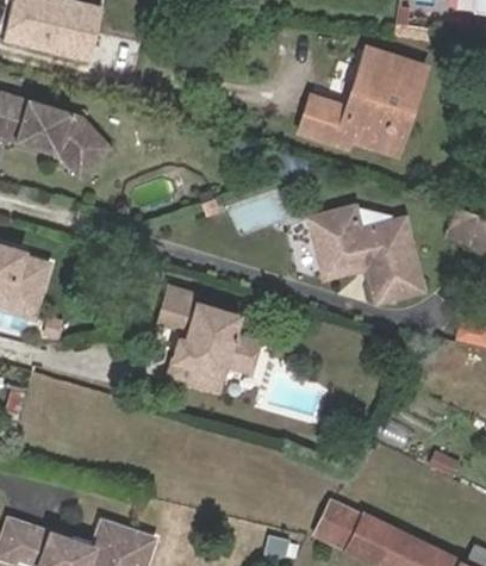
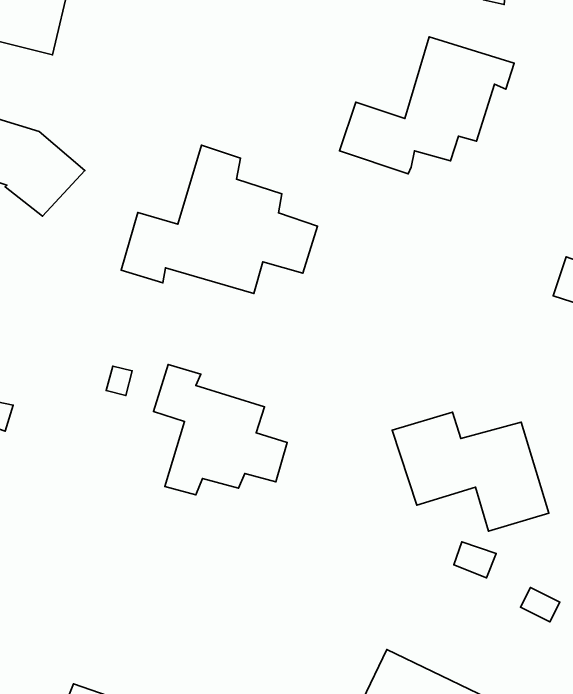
building: [350,83,419,158] -> none
building: none -> [121,145,318,294]
building: [309,203,423,290] -> [392,412,549,531]

